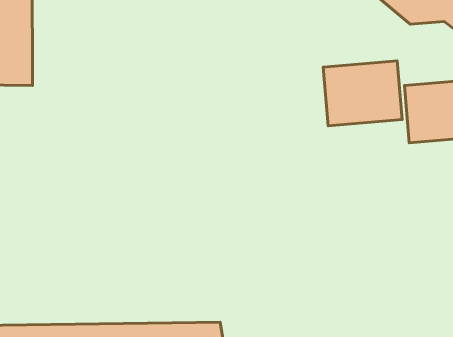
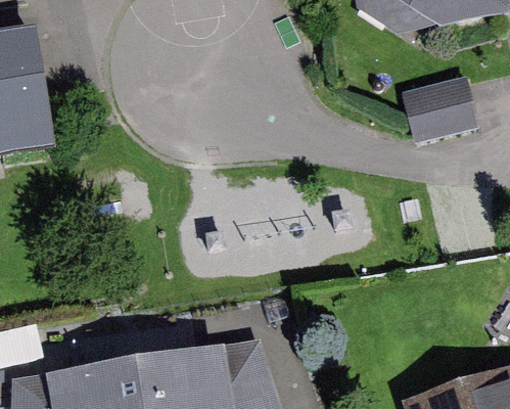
building: [323,61,402,126] -> none

